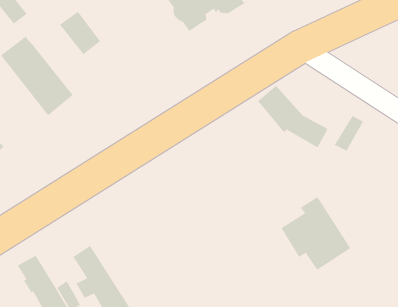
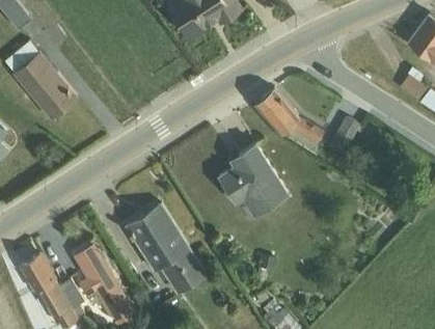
building: [59,11,101,55] -> none
building: [281,196,351,271] -> [219,143,288,216]
building: none -> [126,203,207,294]

